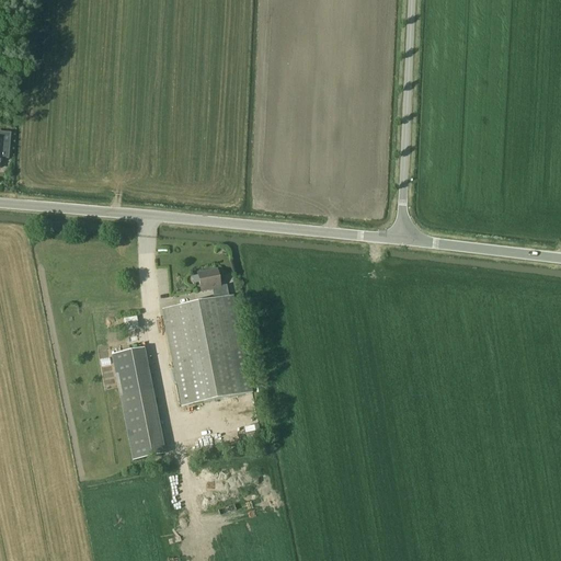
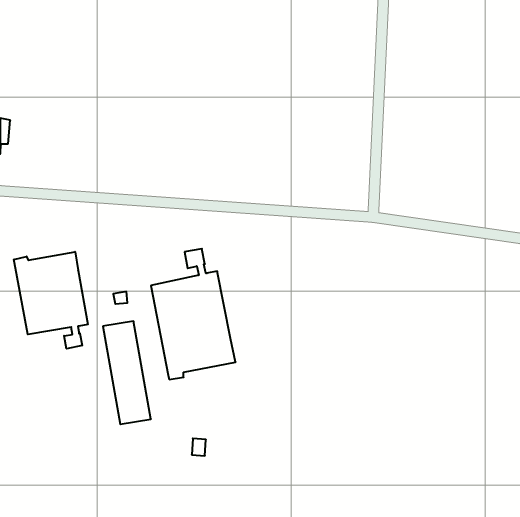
building: none -> [14,252,88,349]

